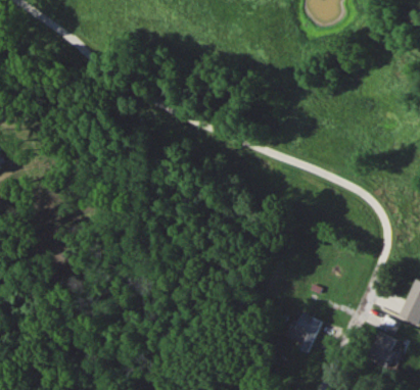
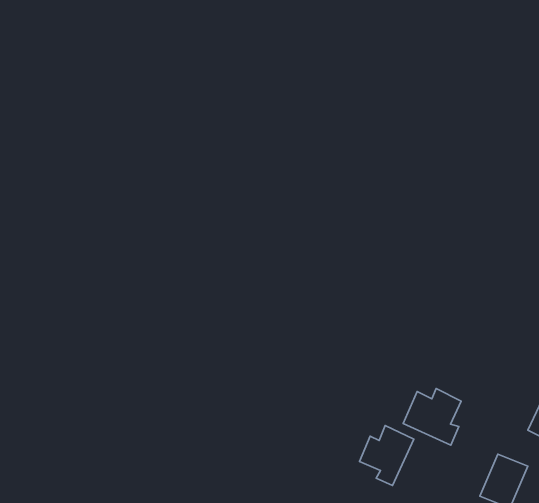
building: none -> [403,389,461,445]

